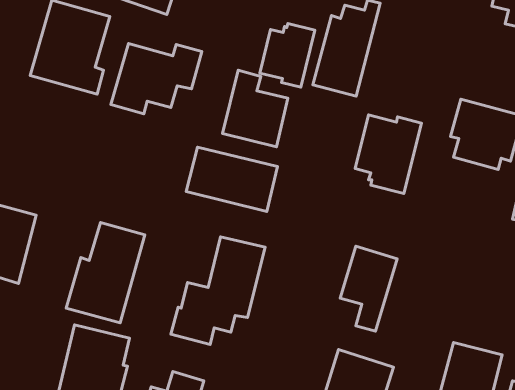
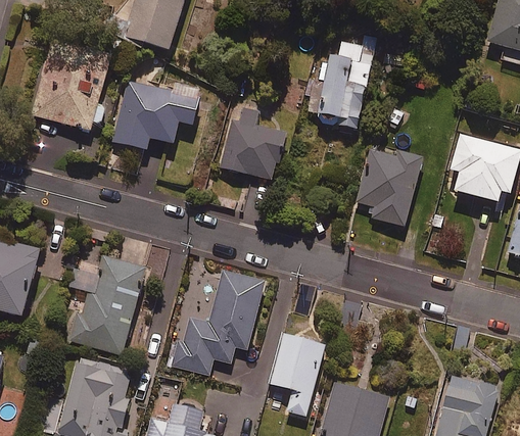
building: [260,24,315,87] -> none
building: [186,147,278,211] -> none
building: [340,246,397,331] -> [271,332,327,416]

